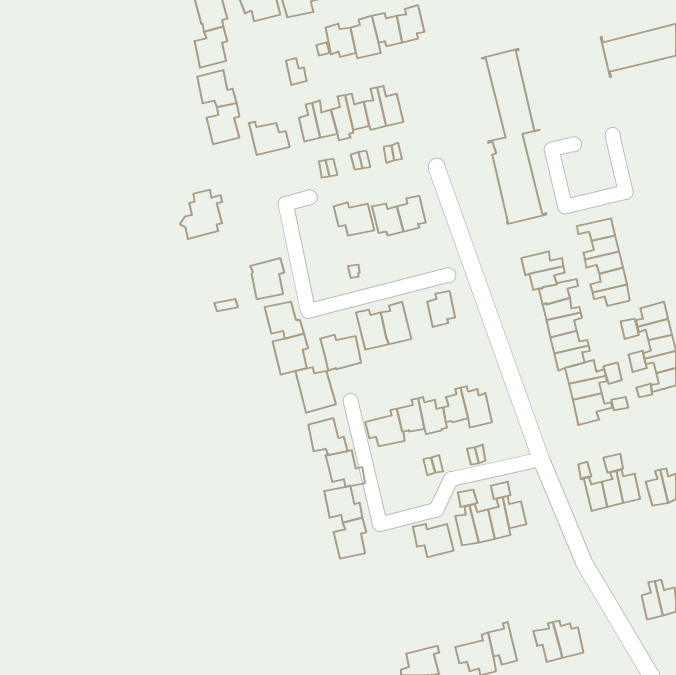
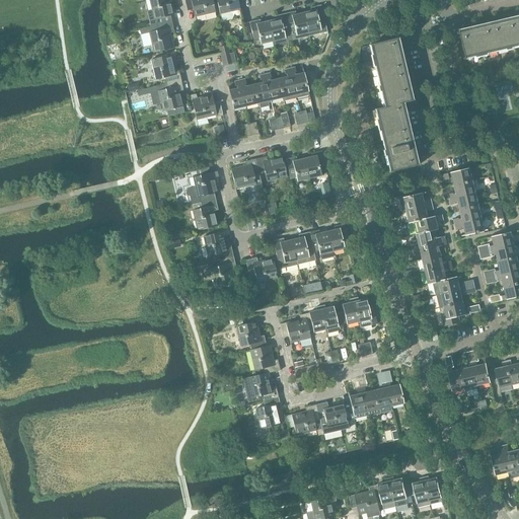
building: [180,190,222,239] -> [186,166,218,204]
building: none -> [231,158,260,189]
building: none -> [308,229,333,258]
building: [296,367,336,413] -> none
building: none -> [291,403,321,434]
building: none -> [389,475,412,506]

